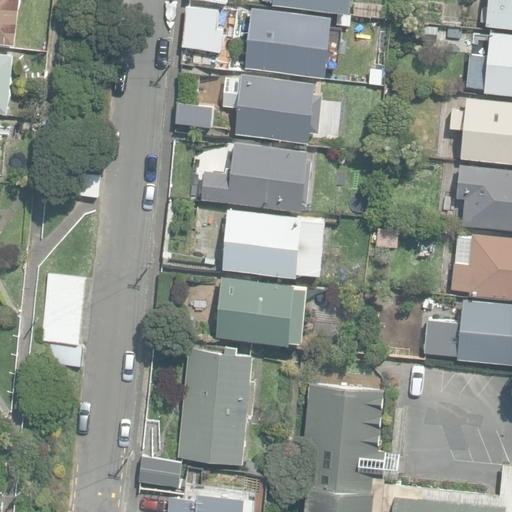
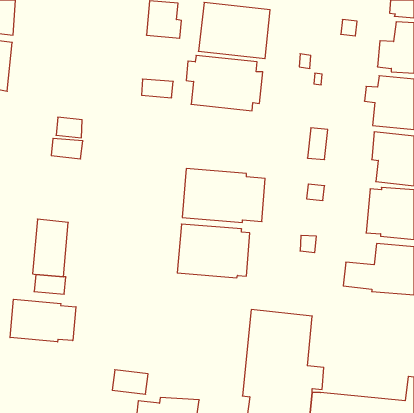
building: [202,144,312,213] -> none
building: [177,347,257,466] -> none
building: none -> [10,299,76,342]

